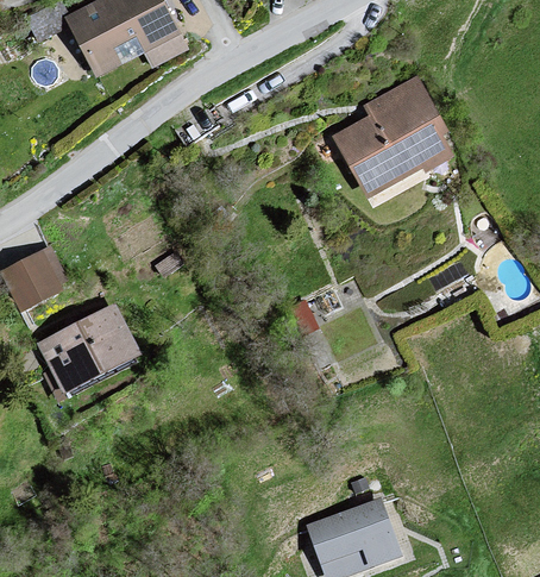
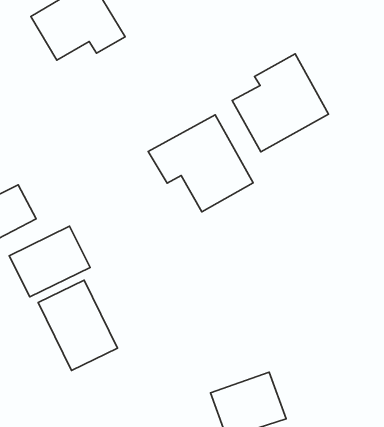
building: none -> [148,115,253,212]
building: none -> [38,280,118,370]

